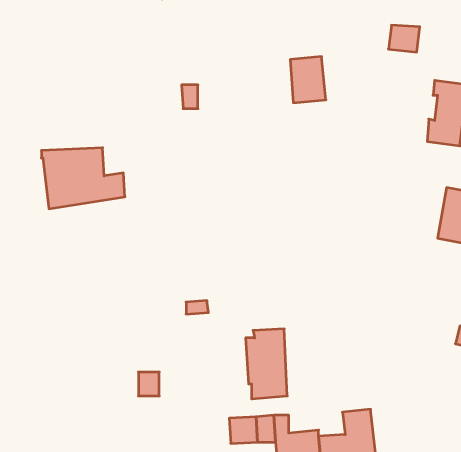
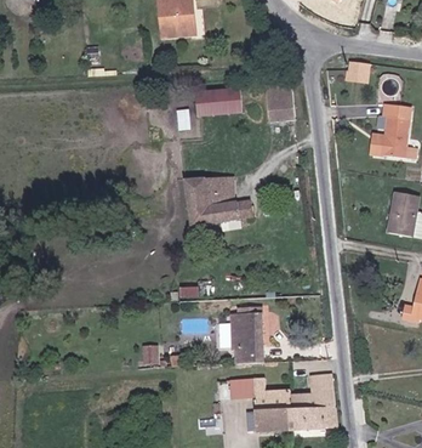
building: none -> [194,89,241,115]
building: [41,148,125,209] -> [183,177,251,227]

